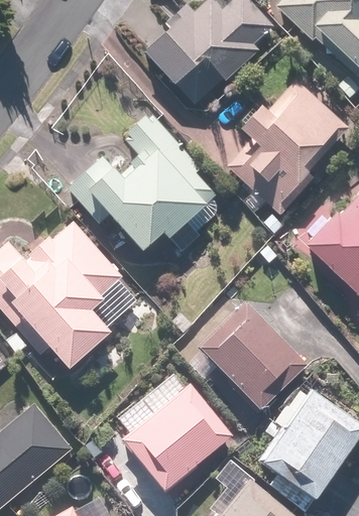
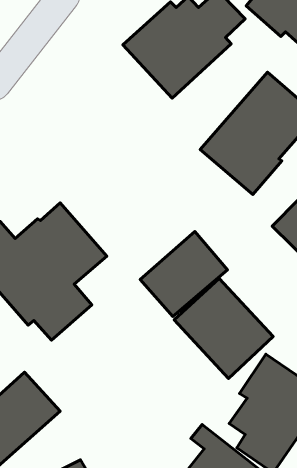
building: [77,112,224,250] -> none
building: none -> [140,232,227,317]
building: [123,371,231,489] -> none

